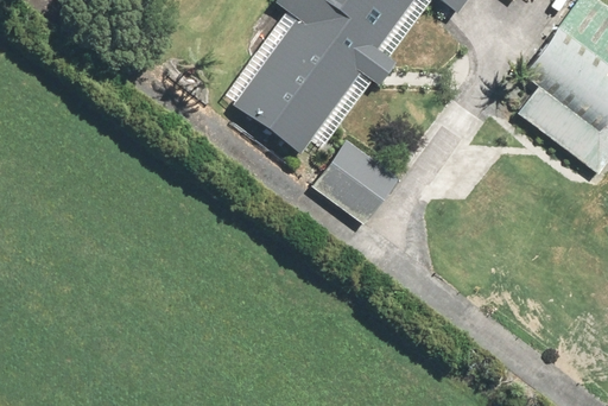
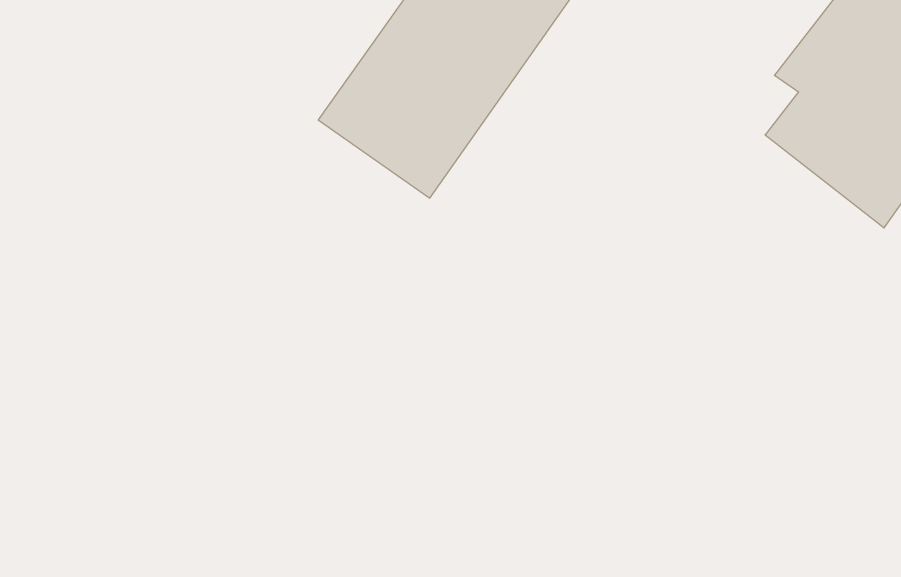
building: [317,139,399,218] -> none

